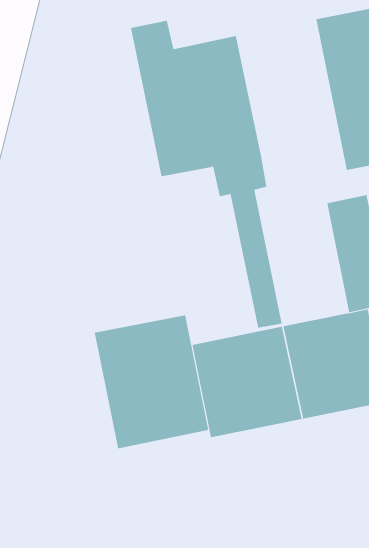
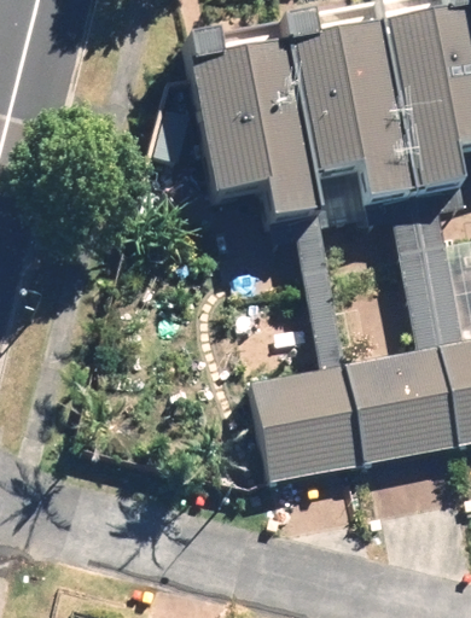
building: none -> [293,12,419,208]
building: [94,315,209,449] -> none

